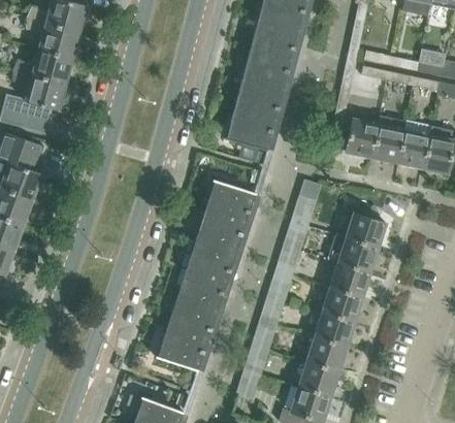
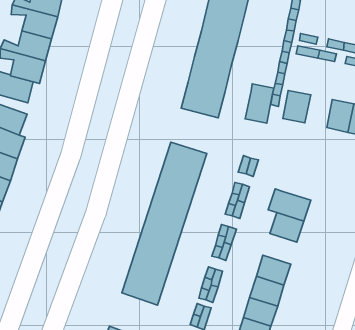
building: [372,116,407,162] -> [245,84,274,123]
building: [347,213,387,248] -> none
building: [323,287,363,323] -> none

